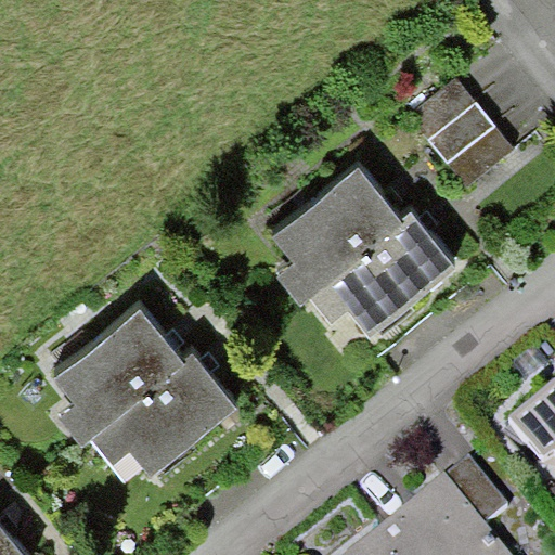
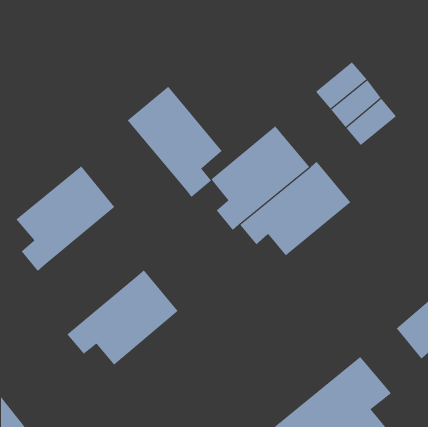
building: none -> [127,86,223,198]
building: [52,306,180,442] -> [16,166,115,272]

